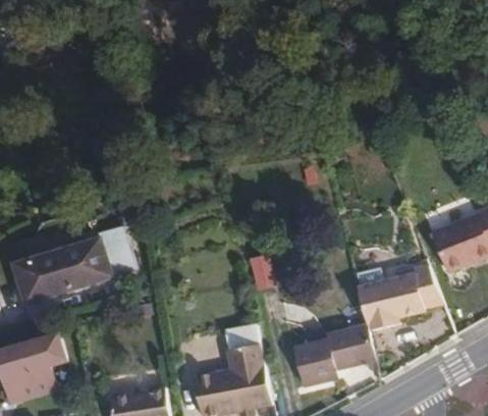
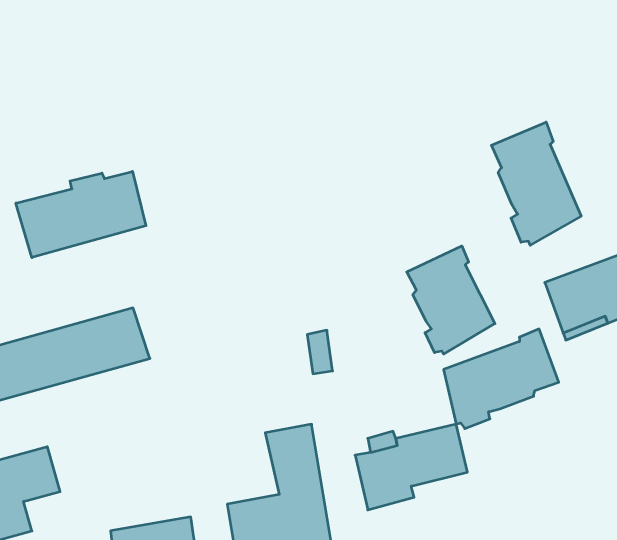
building: none -> [491,122,581,245]
building: none -> [16,171,146,258]
building: none -> [407,246,495,354]

